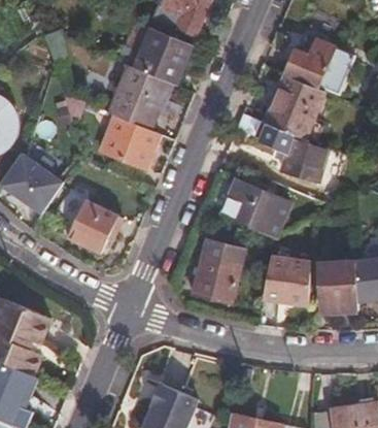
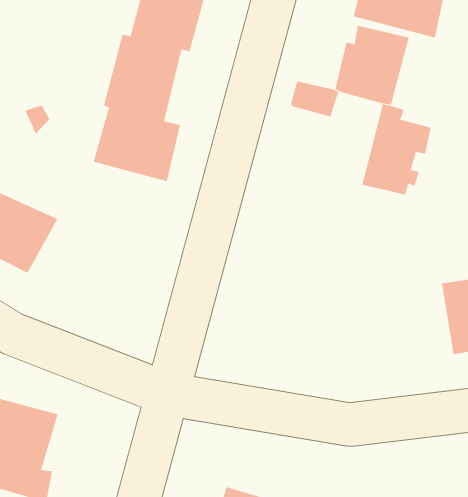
building: [220,185,287,242] -> none
building: [70,200,125,257] -> none
building: [190,228,244,303] -> none
building: [267,255,316,308] -> none

